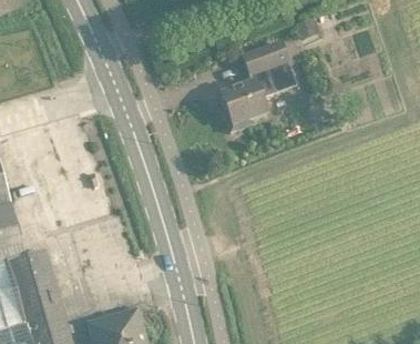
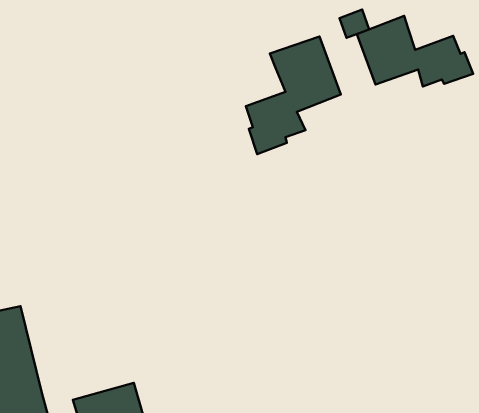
building: none -> [357,16,473,87]

